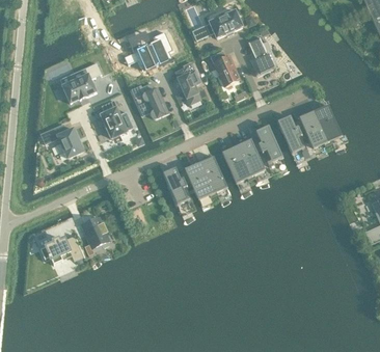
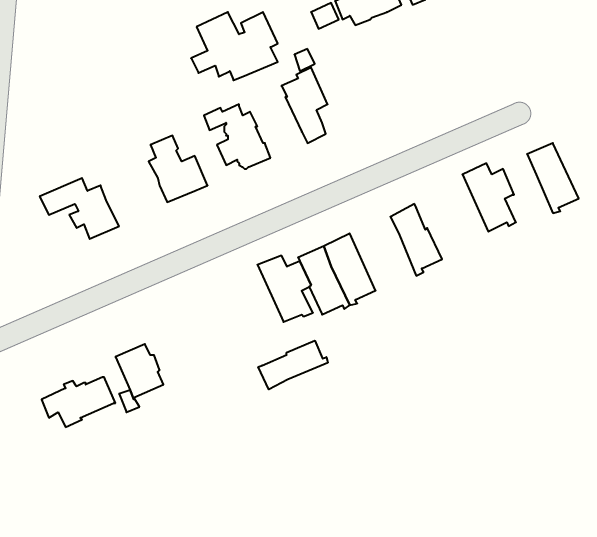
building: [247,36,272,72] -> none
building: [209,50,239,85] -> none
building: [59,62,101,103] -> none
building: [299,110,327,148] -> none
building: [250,125,282,165] -> none
building: [221,145,250,183] -> none
building: none -> [258,341,328,389]

